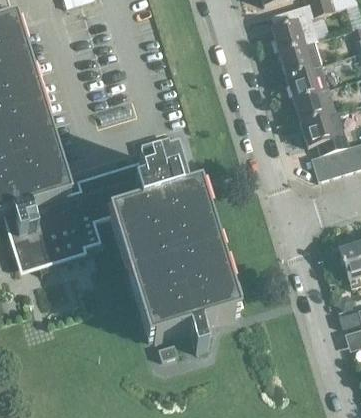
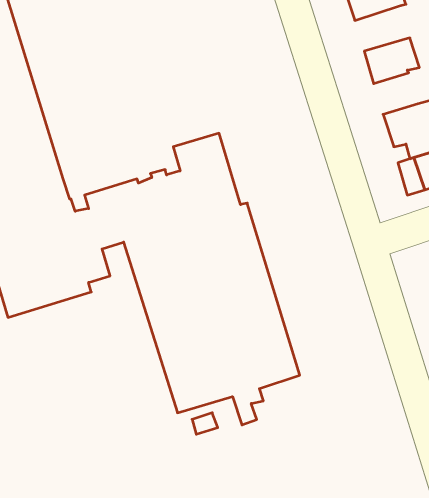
building: [280,41,321,75] -> none
building: [294,91,327,122] -> none

